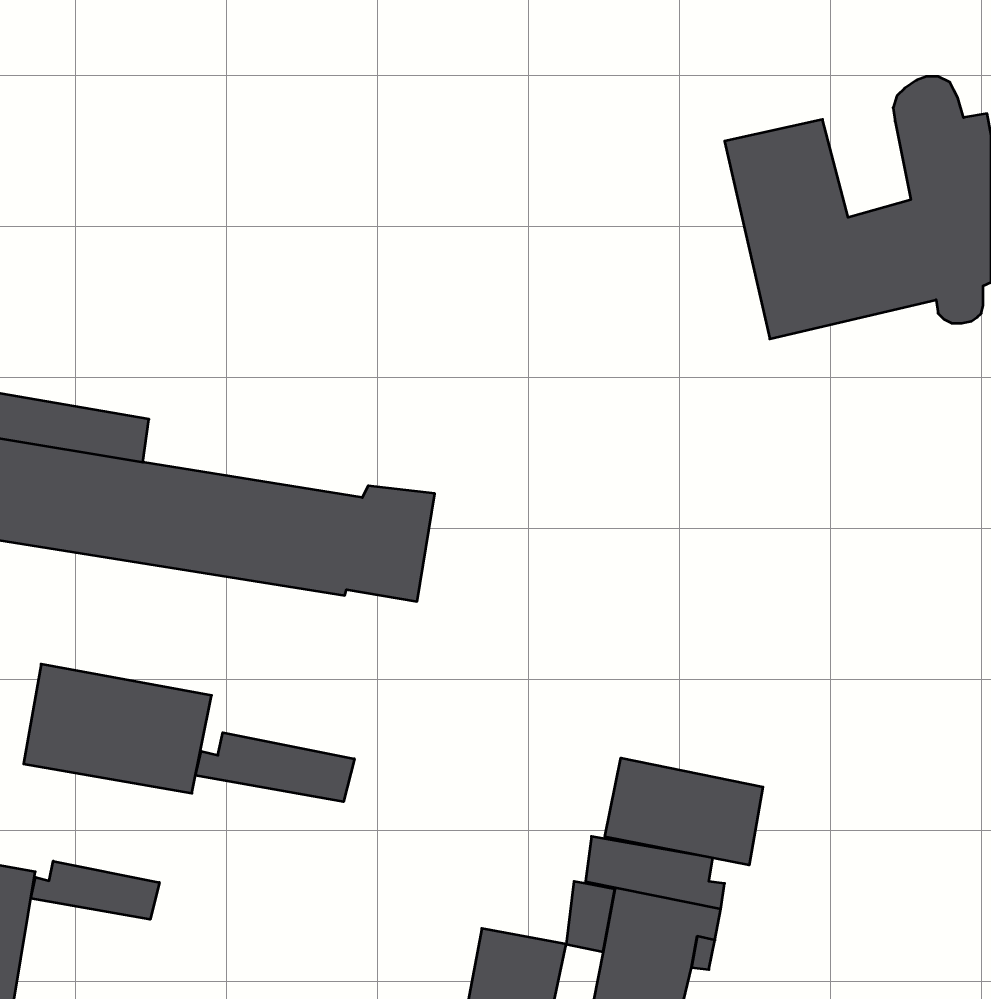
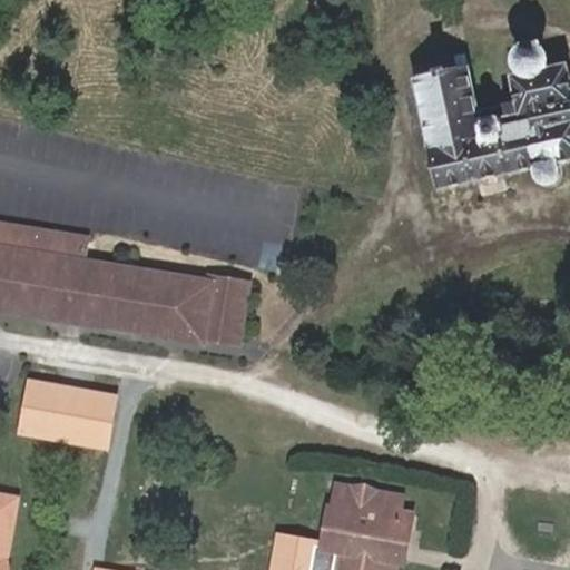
building: [195,733,354,802] -> none
building: [605,758,763,865] -> none
building: [31,861,159,919] -> none

